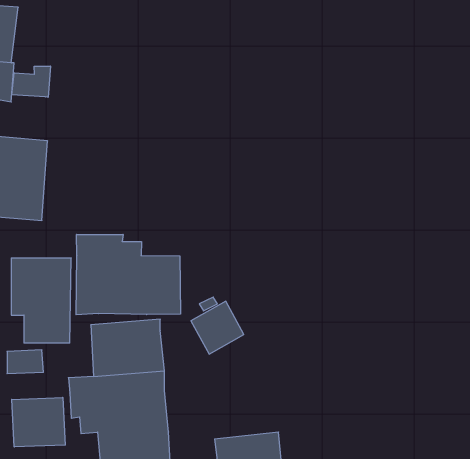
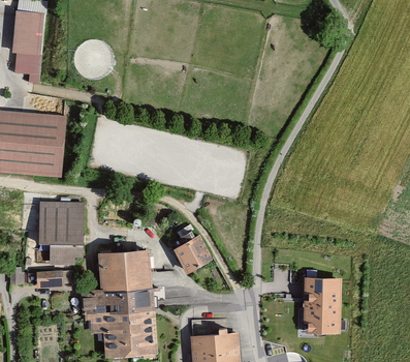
building: [12,66,50,97] -> none
building: [76,234,180,315] -> none
building: none -> [303,280,340,337]
building: [12,397,65,447] -> none

